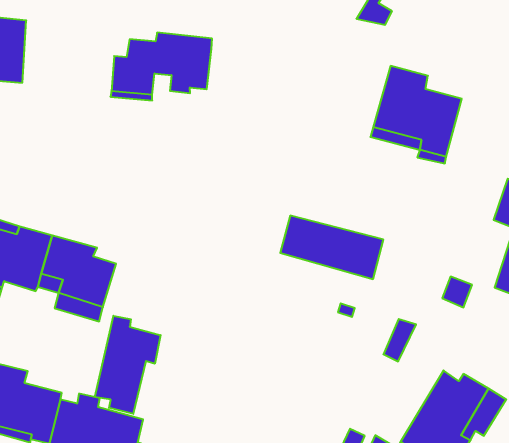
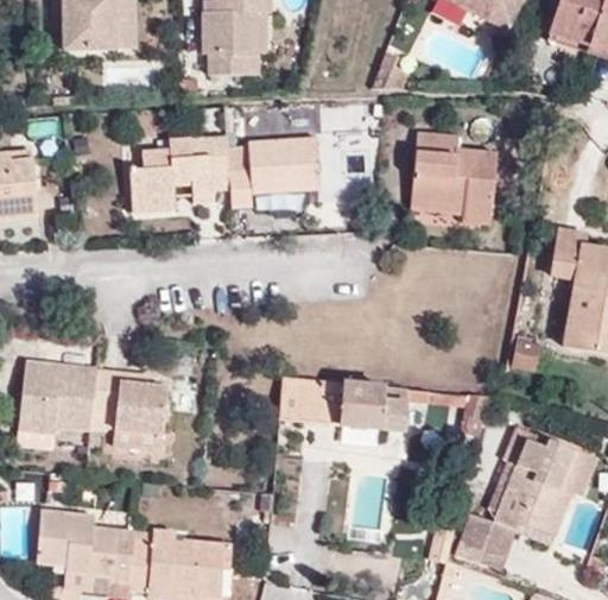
building: none -> [228,137,321,208]
building: [280,216,383,279] -> [279,377,384,428]
building: [95,316,161,414] -> none

